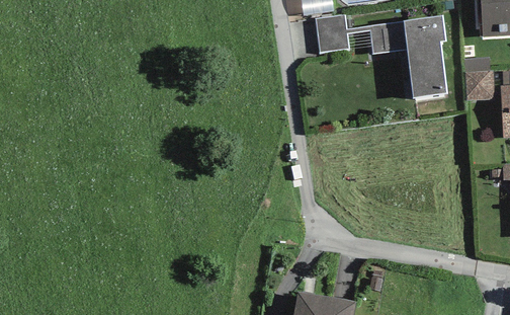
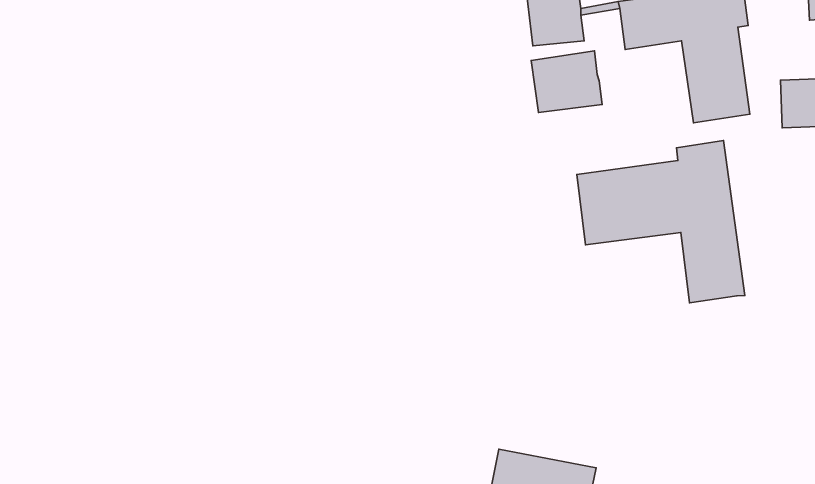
building: none -> [531,51,602,113]
building: none -> [577,141,745,303]

